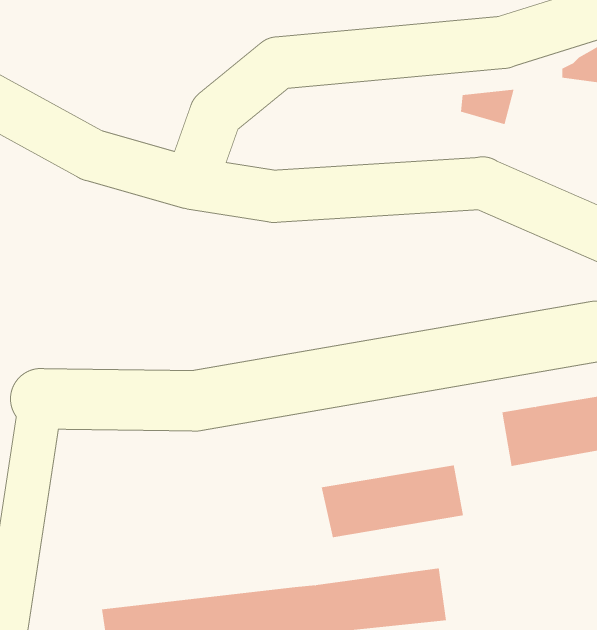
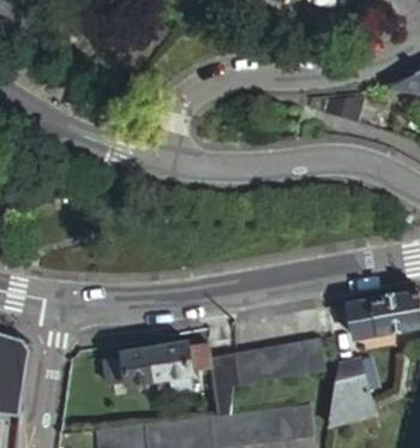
building: none -> [101,341,240,417]
building: none -> [326,360,372,428]

